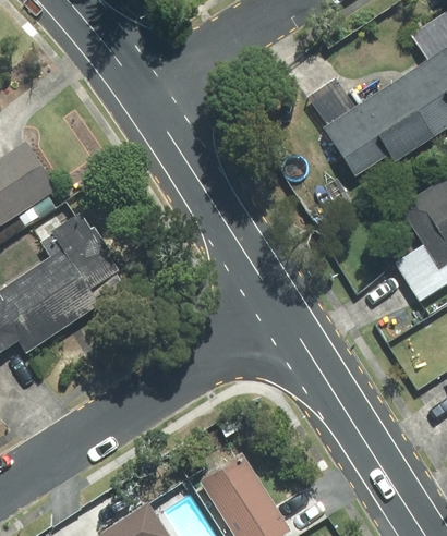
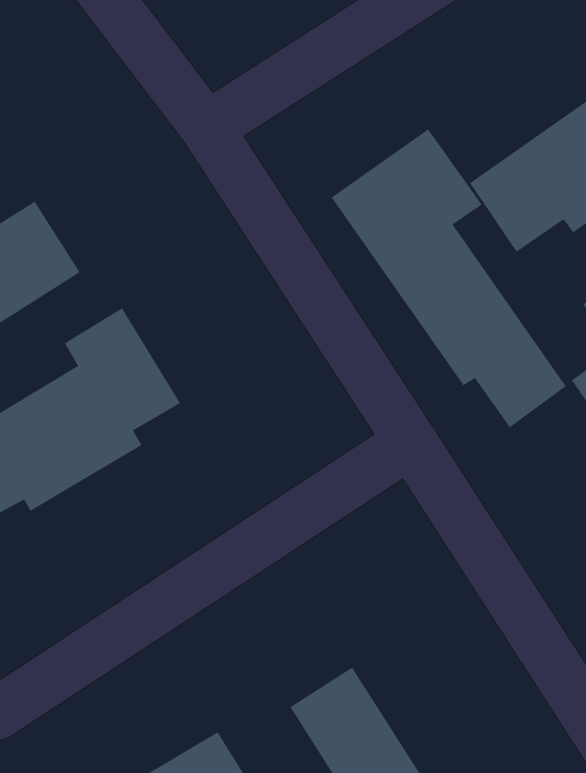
building: none -> [331,128,567,428]

